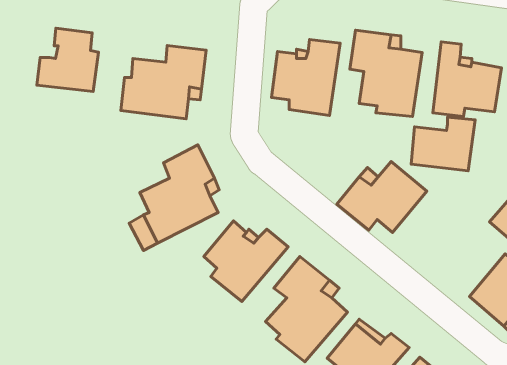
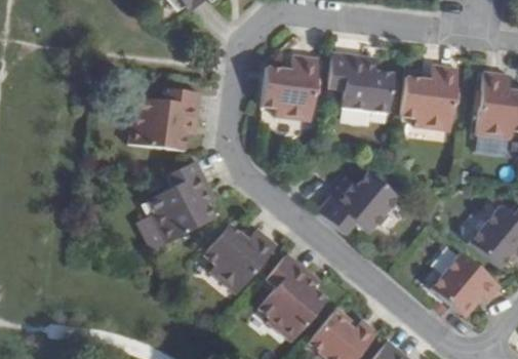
building: [37,28,98,91] -> none
building: [411,117,475,171] -> none

